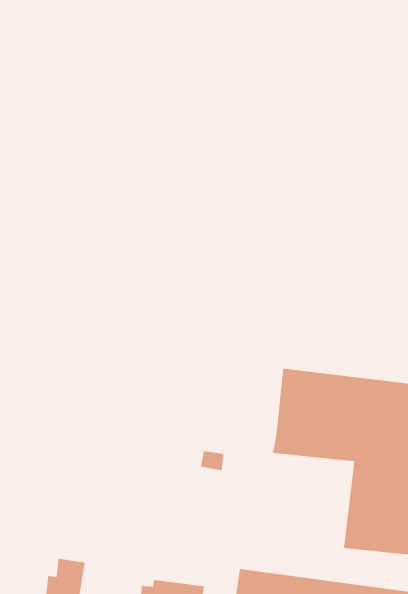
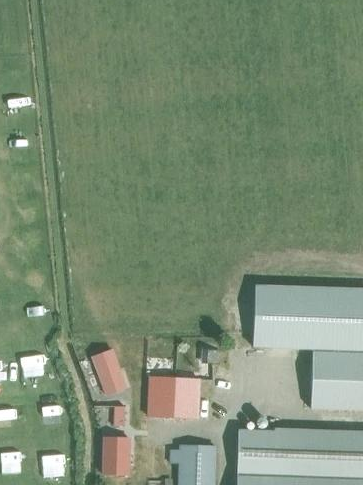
building: none -> [92,349,128,397]
building: none -> [149,378,202,419]

